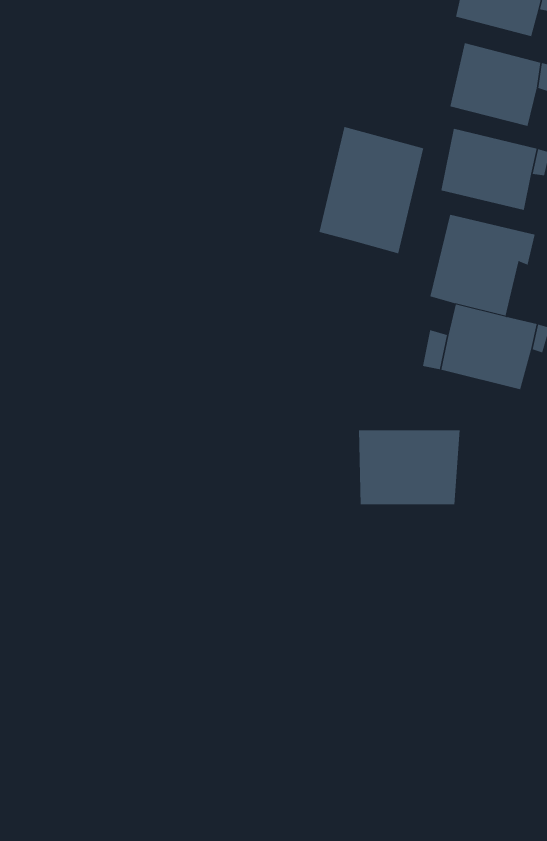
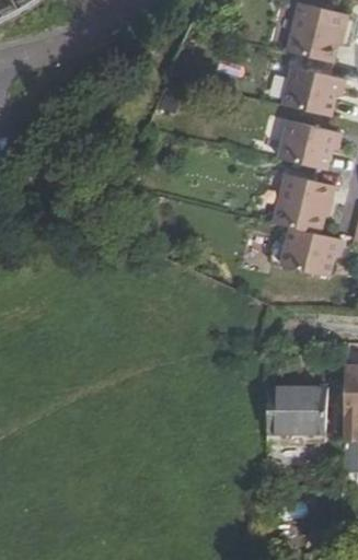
building: [319,126,424,254] -> none
building: [358,430,461,505] -> [267,382,328,427]

